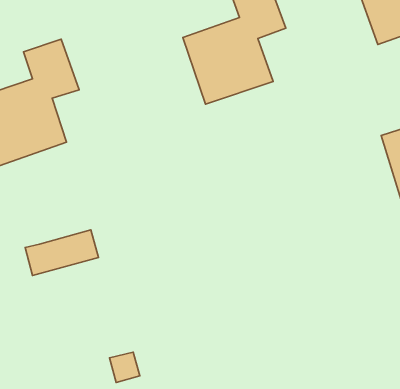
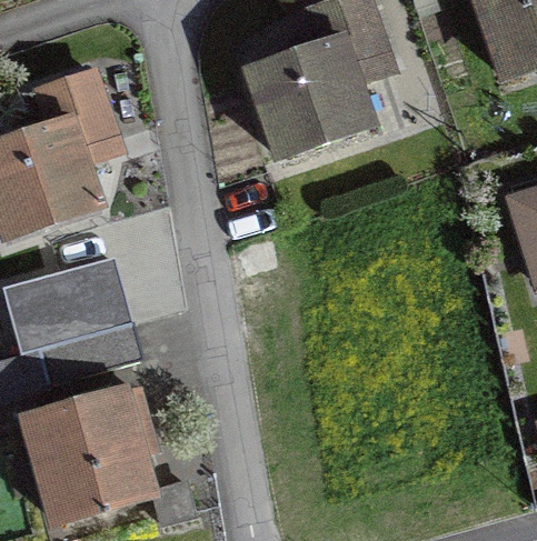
building: none -> [41,258,127,341]
building: none -> [24,389,150,519]

